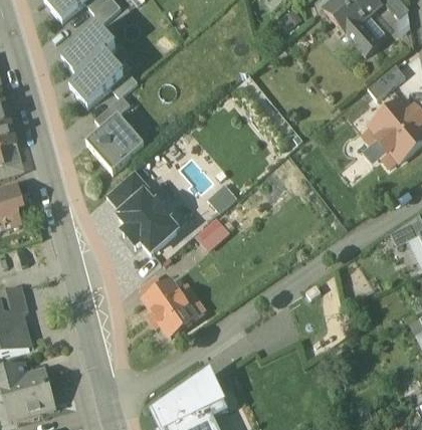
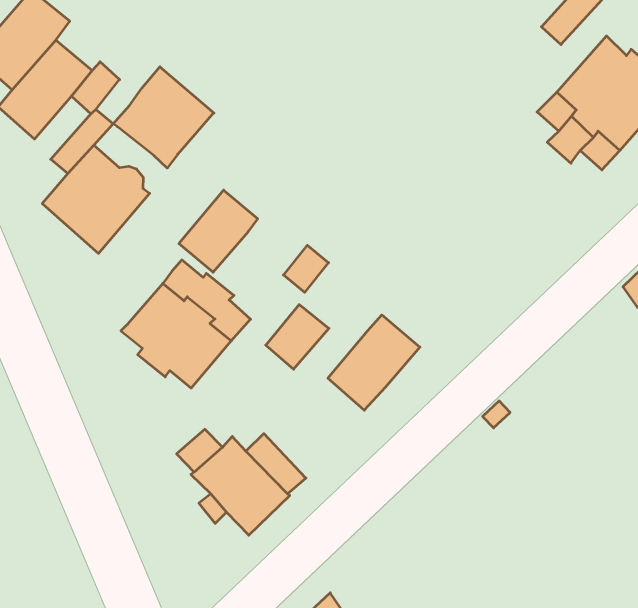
building: none -> [113,67,214,168]
building: [107,170,151,213] -> [179,190,258,272]
building: none -> [328,315,420,410]

